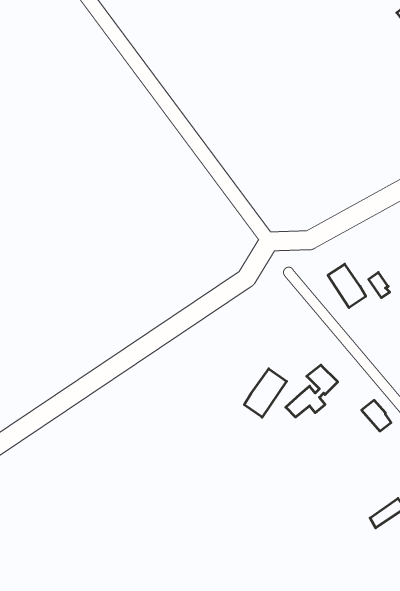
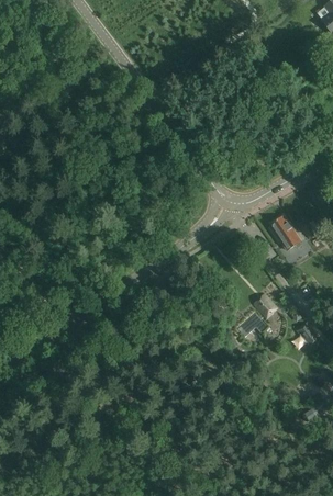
building: [244,369,287,417] -> none

